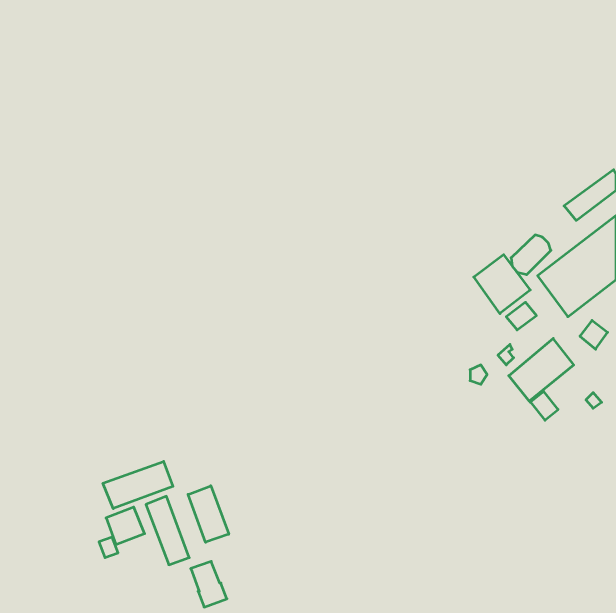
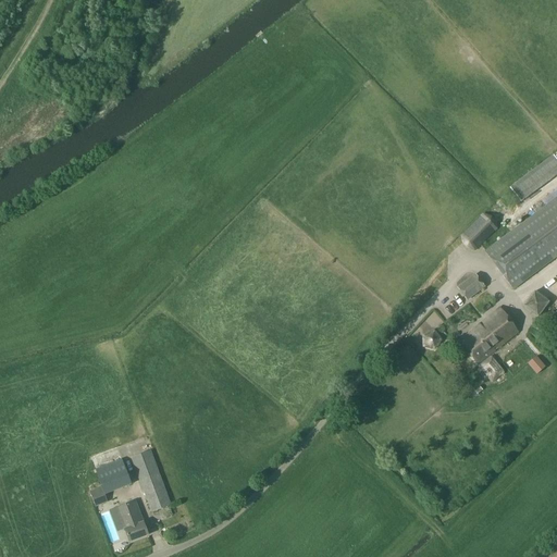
building: [474,255,530,314] -> none
building: [103,461,173,509] -> none
building: [188,486,229,542] -> none
building: [191,561,227,607] -> [116,499,149,541]

